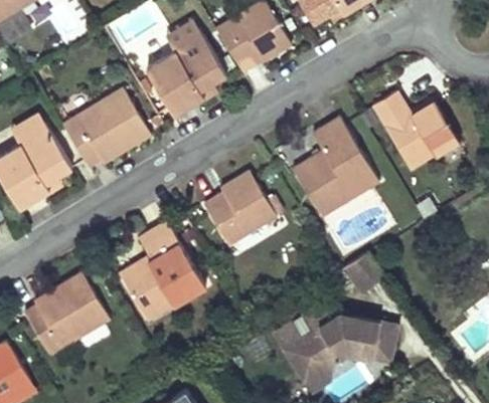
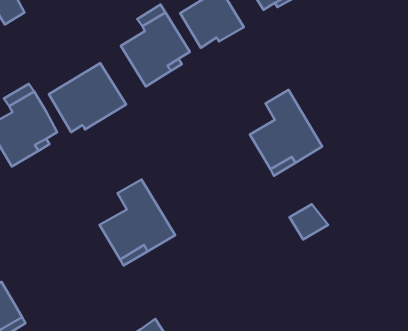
building: [372,92,458,172] -> none
building: [203,173,278,248] -> none
building: [23,273,110,358] -> none
building: [274,297,396,380] -> none

